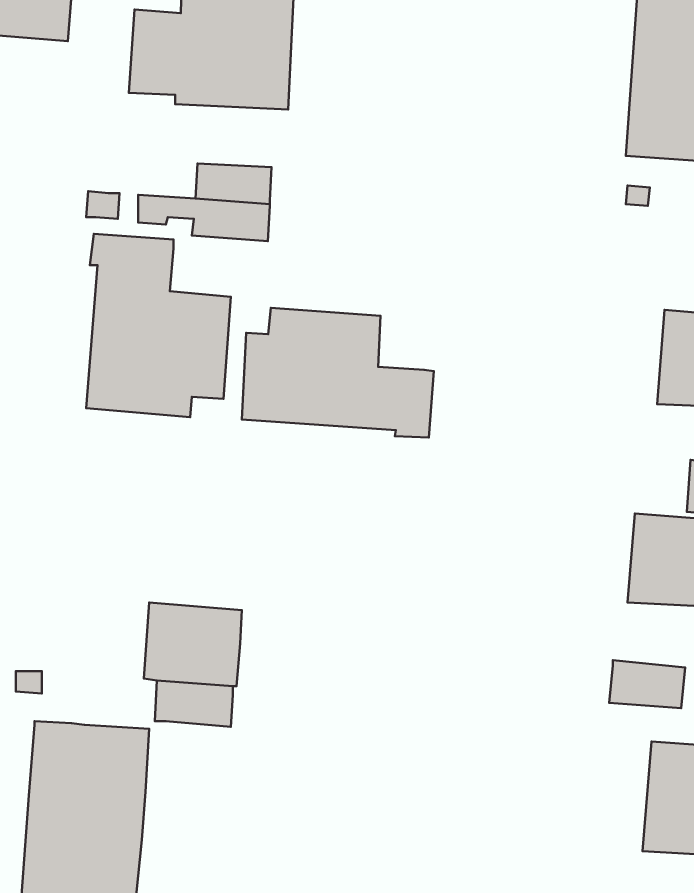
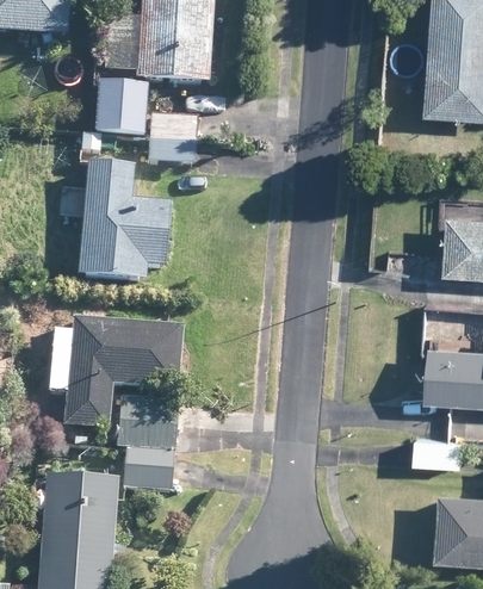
building: none -> [93,81,148,134]
building: [242,308,434,438] -> none
building: none -> [49,316,185,428]

